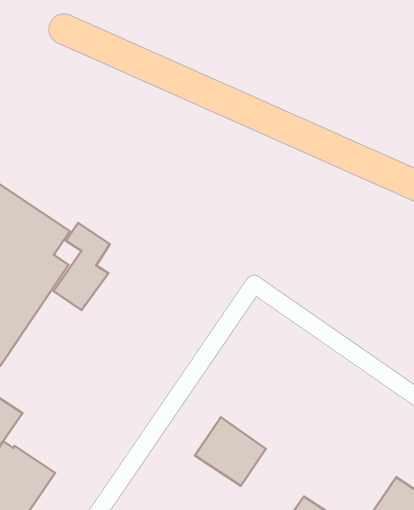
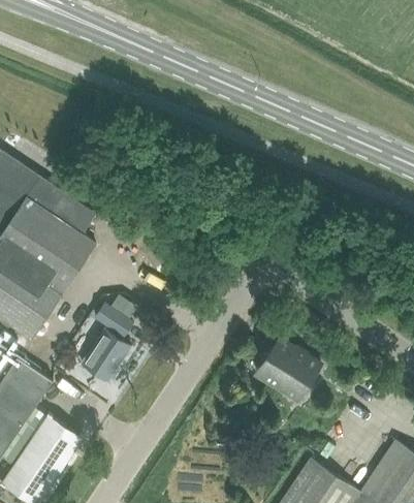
building: [53,223,110,310] -> [81,302,132,382]
building: [195,417,266,486] -> [256,338,321,401]

